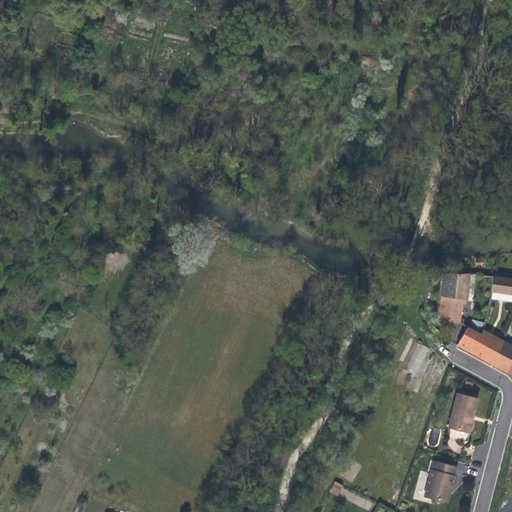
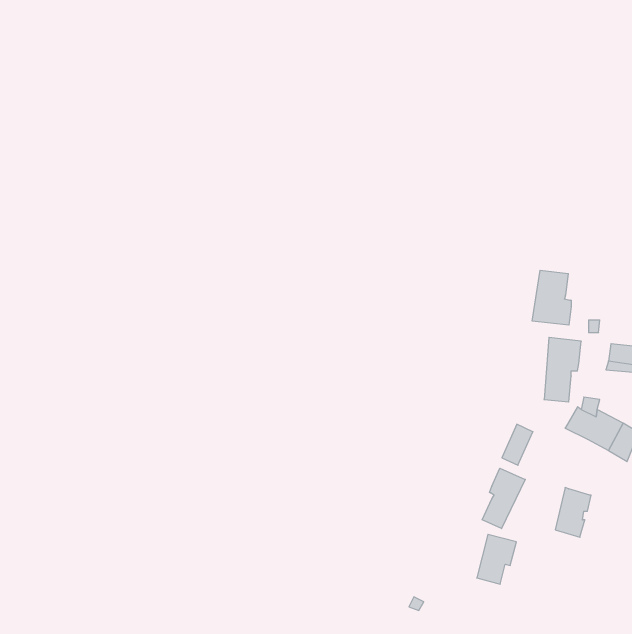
building: none -> [532,270,571,325]
building: none -> [482,468,525,529]
building: [425,461,457,501] -> [477,534,516,584]

